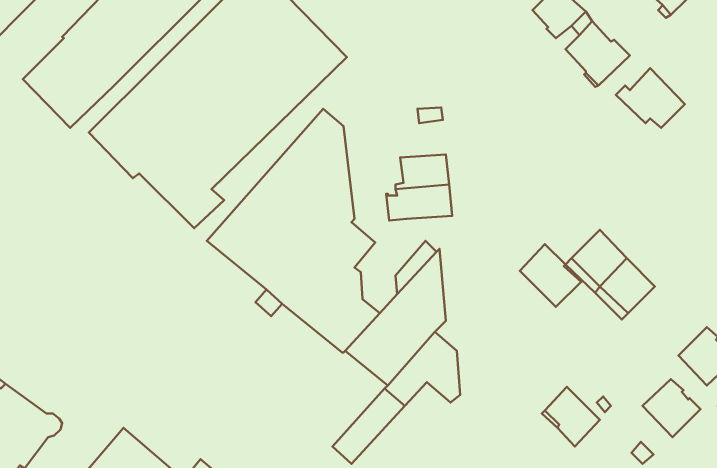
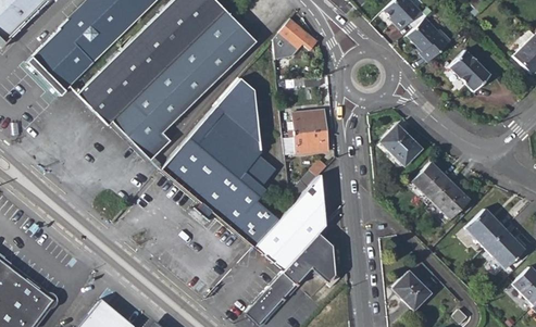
building: none -> [273,18,319,54]
building: [520,244,581,307] -> [379,124,422,167]
building: [642,379,701,437] -> [465,209,506,249]

